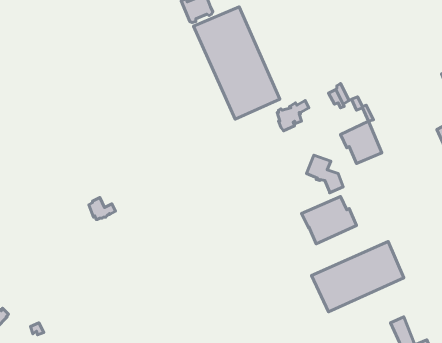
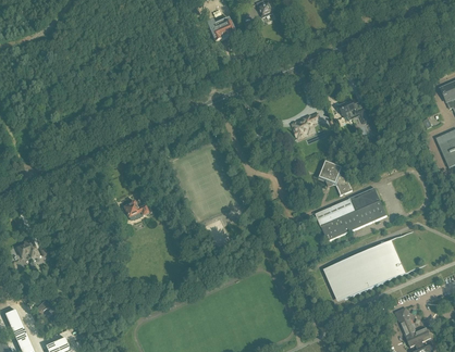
building: [194,7,280,119] -> none
building: [341,121,382,164] -> [349,187,386,225]

